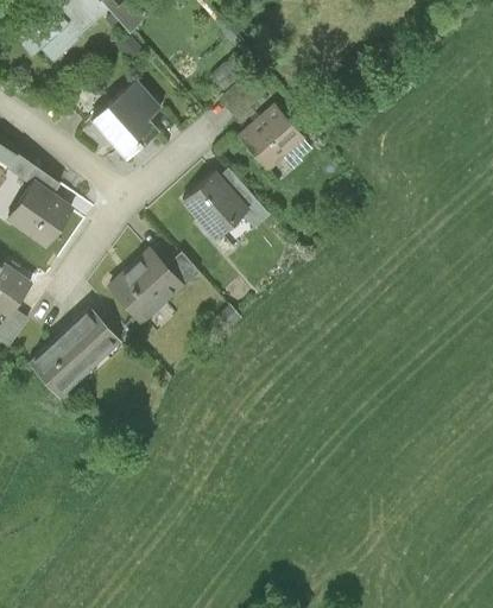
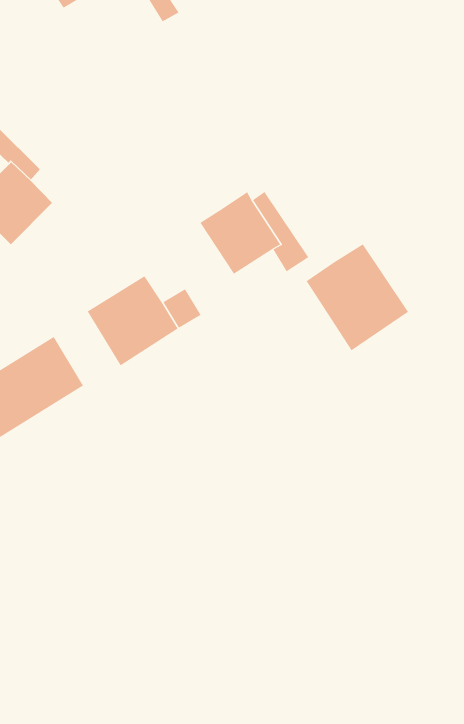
building: [89,80,159,158] -> none
building: [241,109,303,171] -> none
building: none -> [306,244,409,351]

